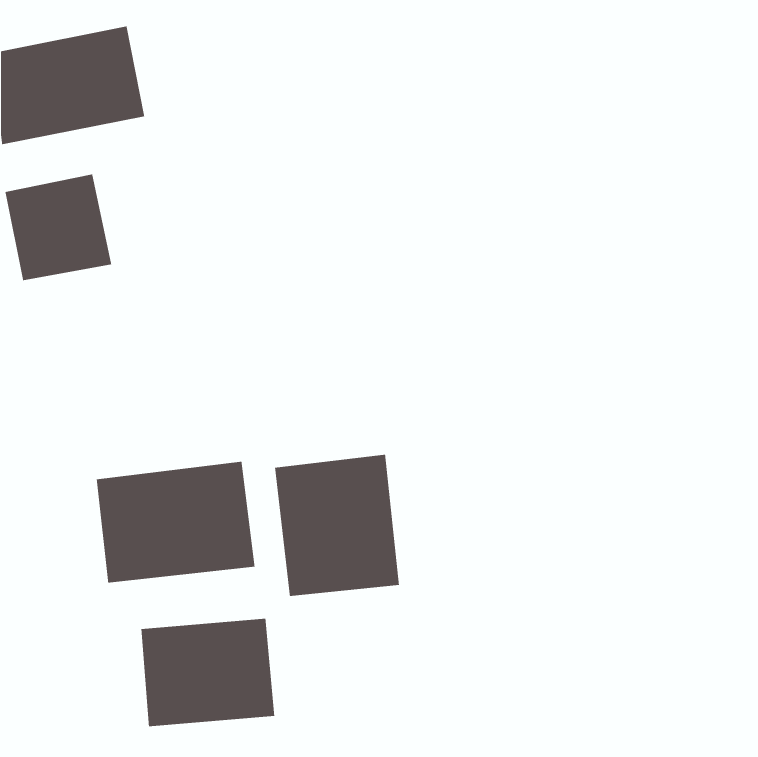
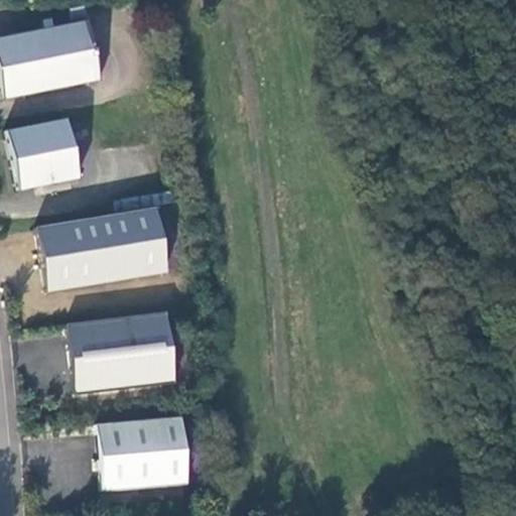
building: none -> [37,206,167,290]
building: [274,454,400,597] -> none

